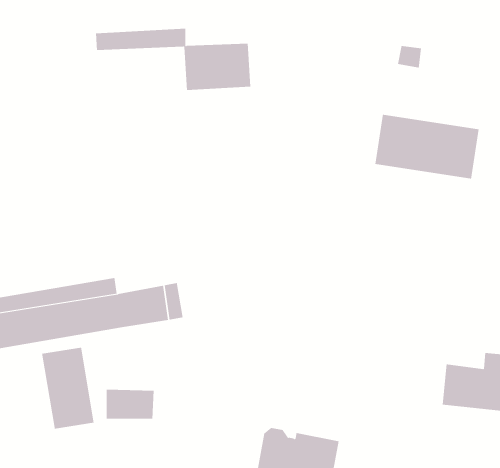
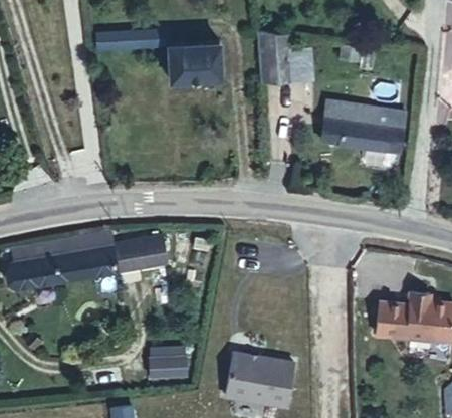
building: none -> [257,30,295,80]
building: [42,347,94,430] -> none
building: [106,389,154,419] -> [151,356,190,380]

